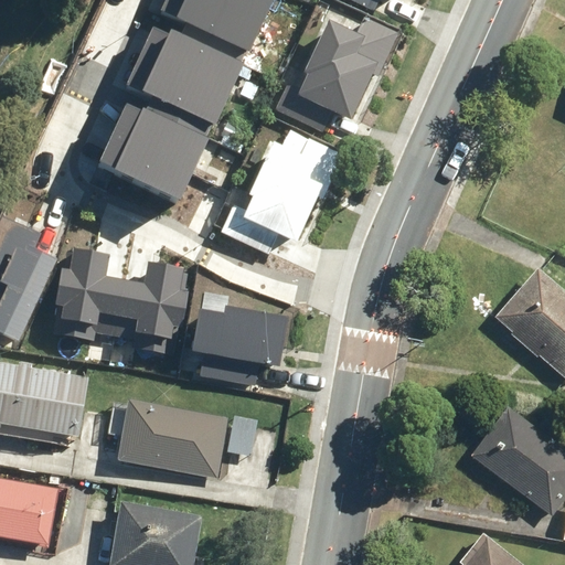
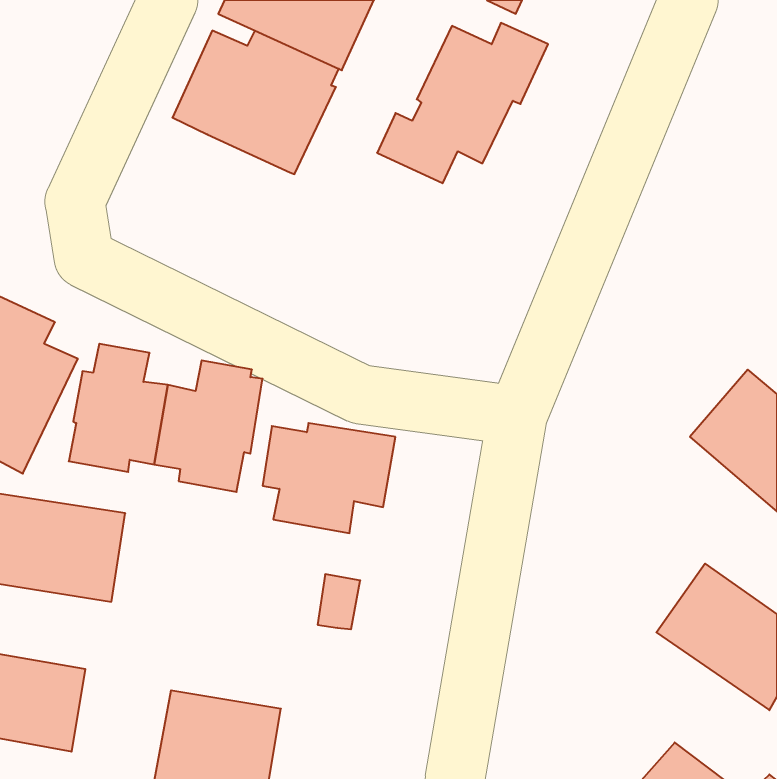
building: [95,98,210,201] -> none
building: [217,130,342,257] -> none
building: [109,398,228,480] -> none

